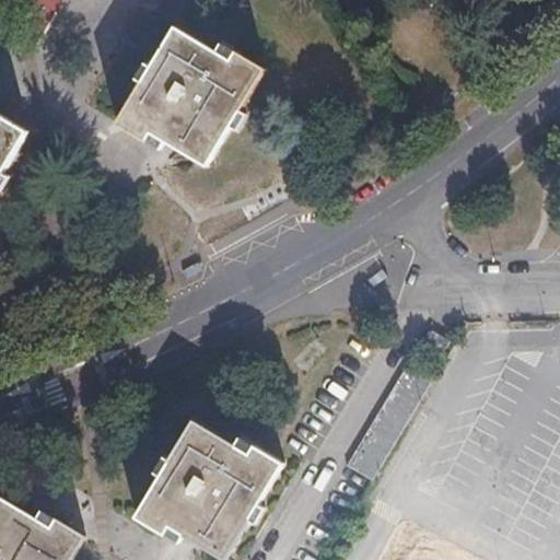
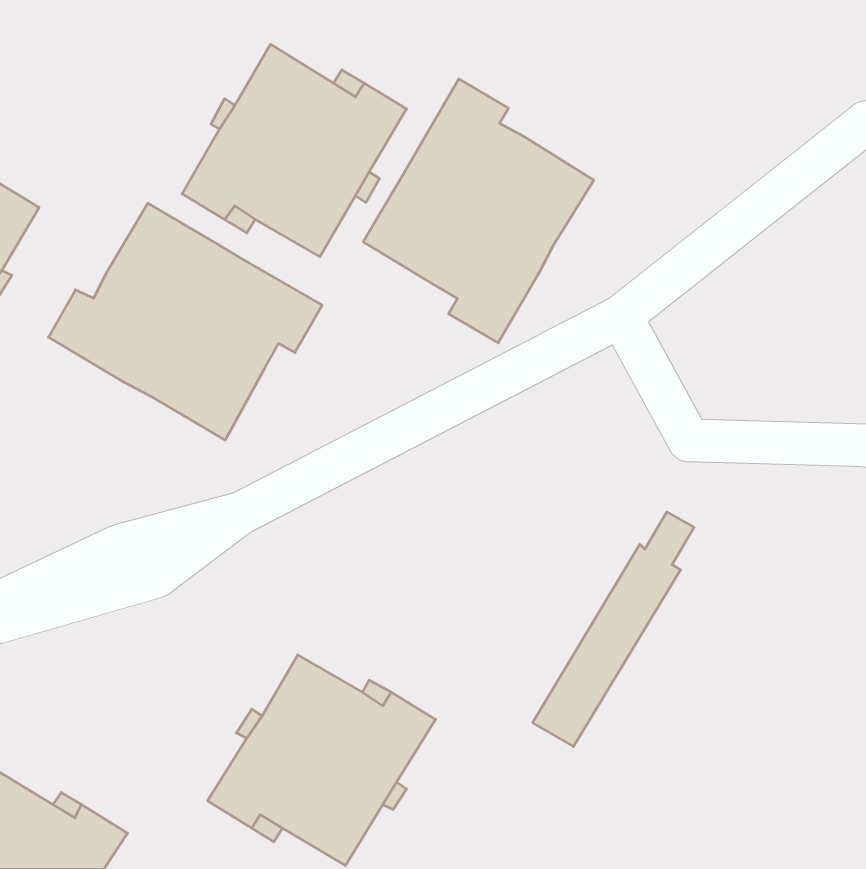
building: none -> [363,79,594,343]
building: none -> [48,203,322,440]

